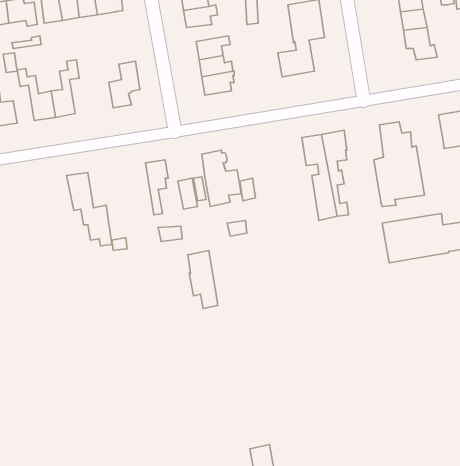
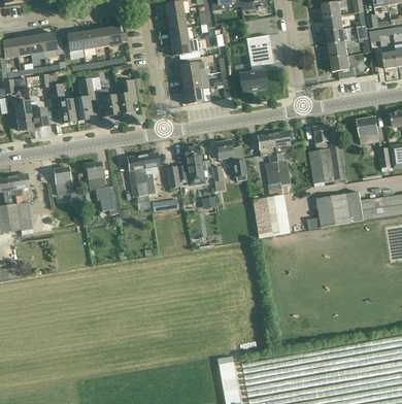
building: none -> [95,88,119,115]
building: none -> [215,139,245,180]
building: none -> [53,166,81,203]
building: none -> [253,194,290,238]
building: [188,251,217,308] -> [127,154,148,196]

